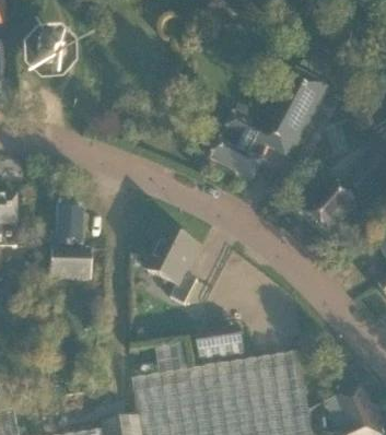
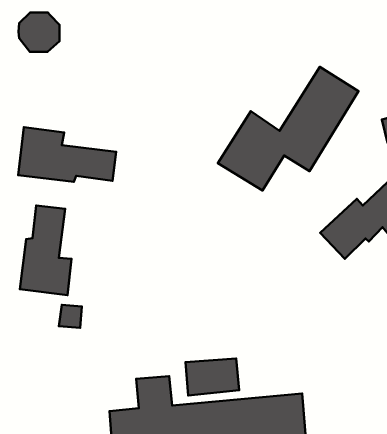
building: none -> [18,127,116,182]
building: [147,228,197,304] -> none

